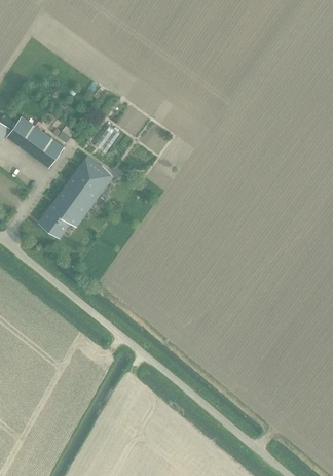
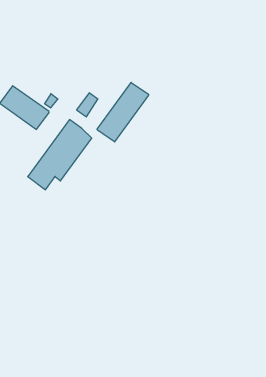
building: none -> [97,82,149,142]

